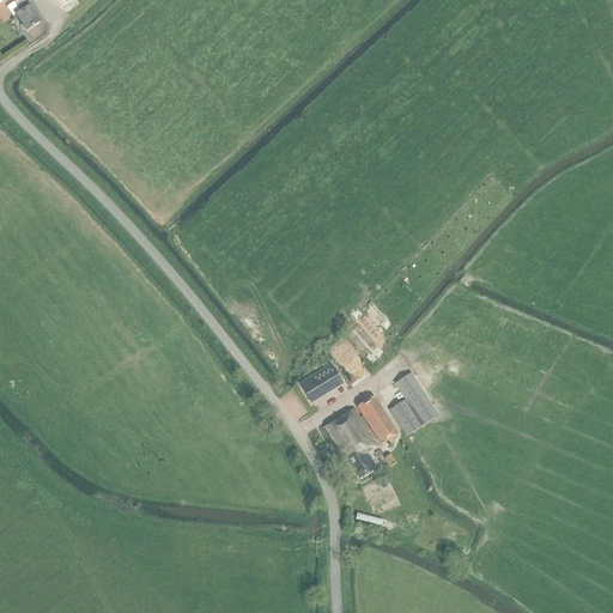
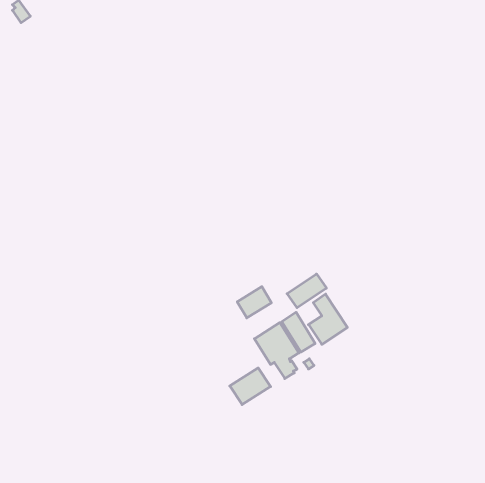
building: none -> [287,274,326,308]
building: none -> [230,368,271,405]

